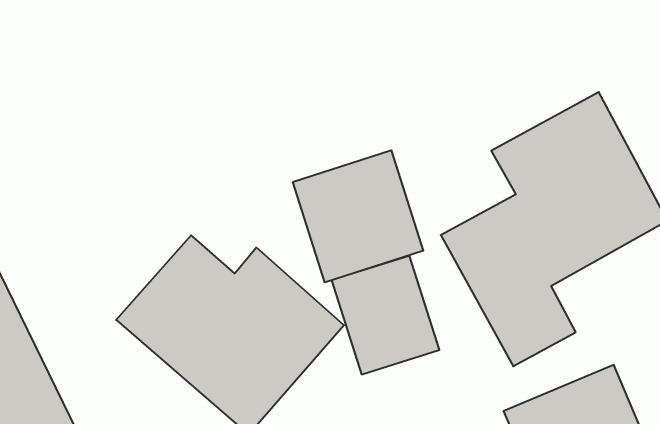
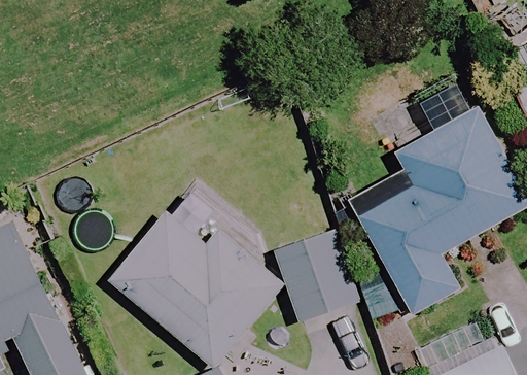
building: [293,150,423,282] -> none

